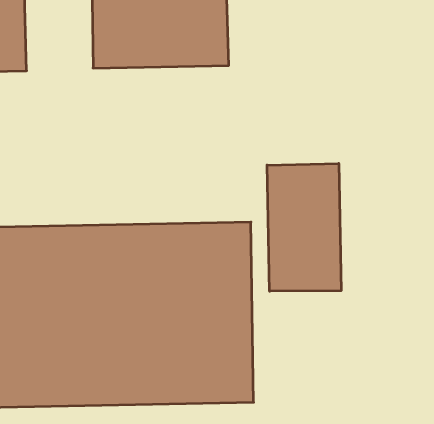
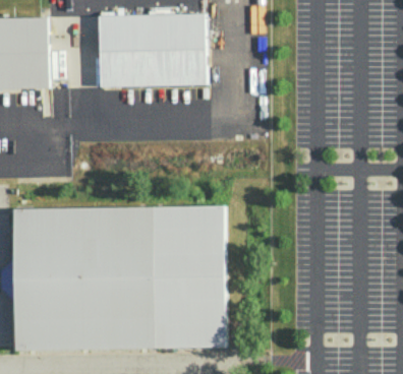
building: [267,163,341,291] -> none

